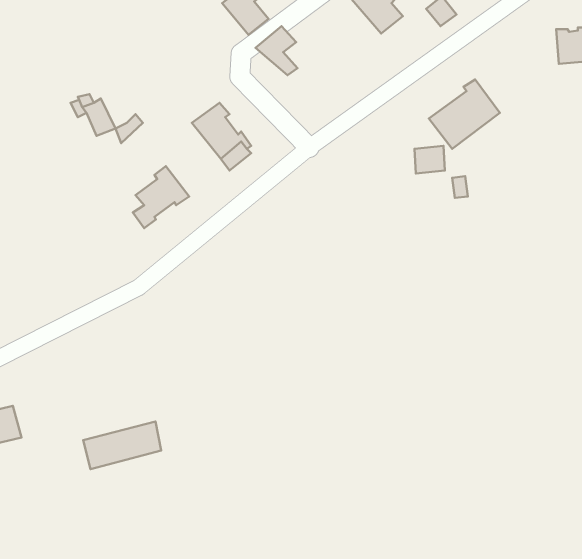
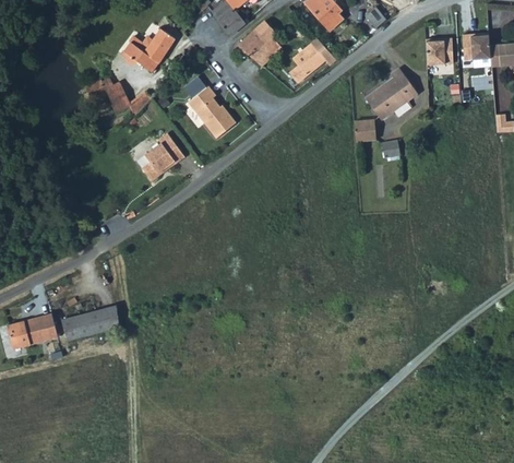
building: none -> [254,20,279,59]
building: none -> [123,27,175,70]
building: none -> [427,34,454,60]
building: none -> [288,40,324,80]
building: [83,422,161,469] -> [60,306,119,342]

